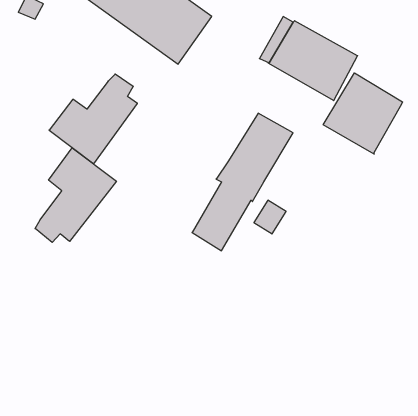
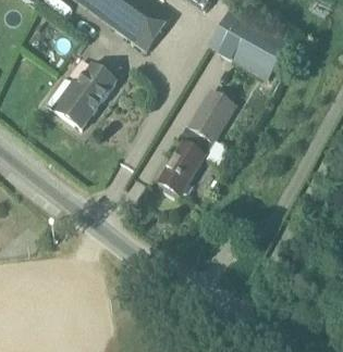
building: [323,73,402,154] -> none
building: [35,148,116,242] -> none

